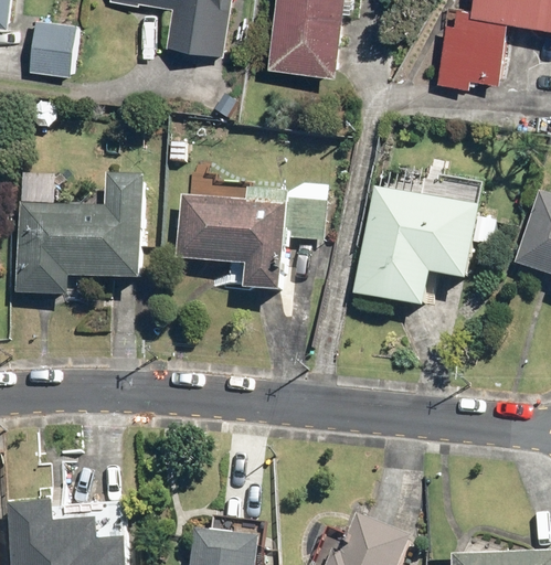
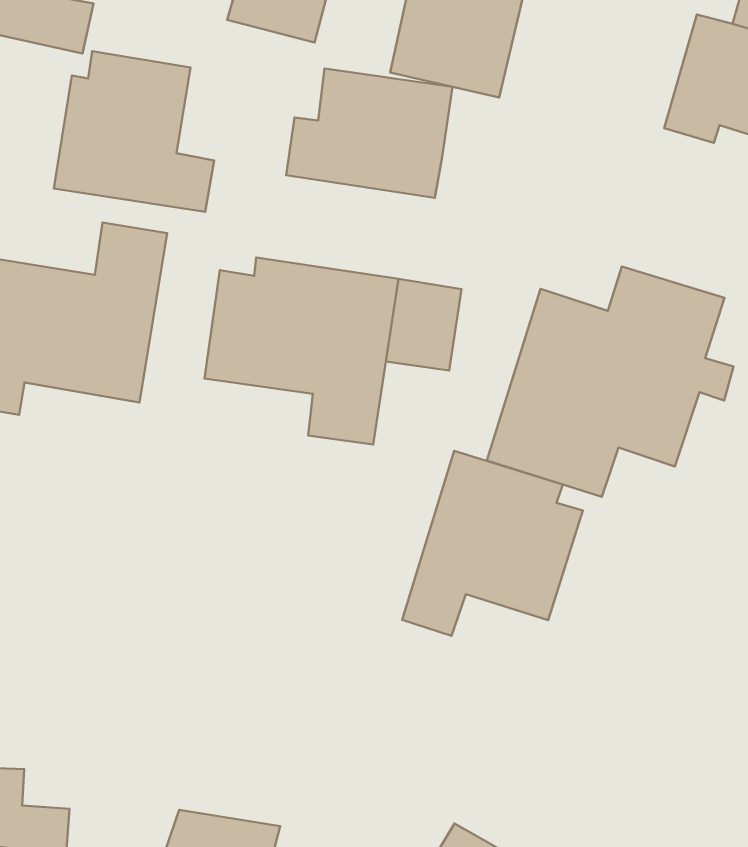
building: none -> [286,68,453,198]
building: none -> [54,51,214,212]
building: none -> [402,451,583,636]

